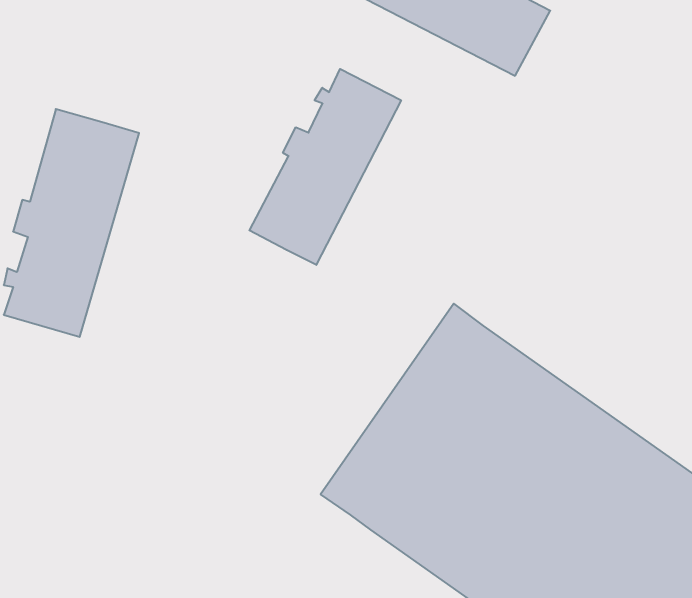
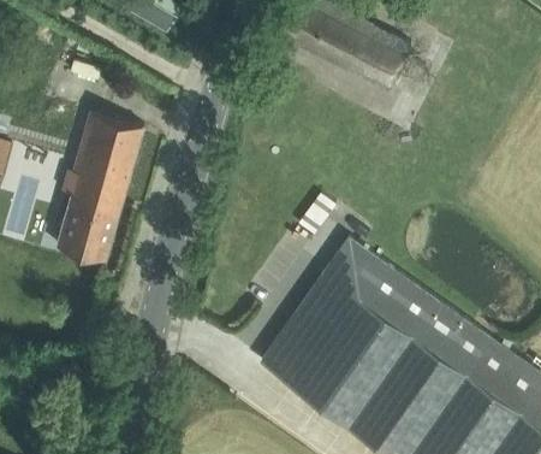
building: [249,69,401,265] -> none

